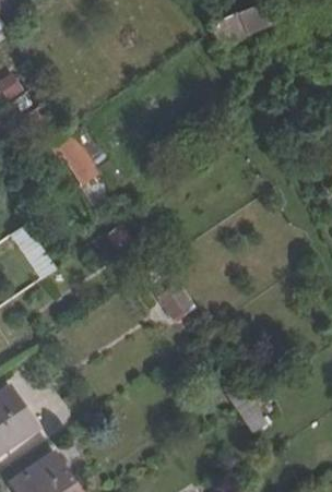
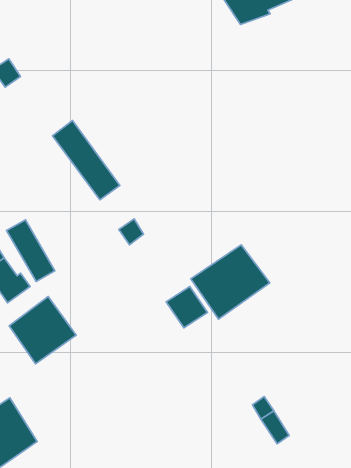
building: none -> [191,245,270,319]
building: none -> [9,296,76,364]

